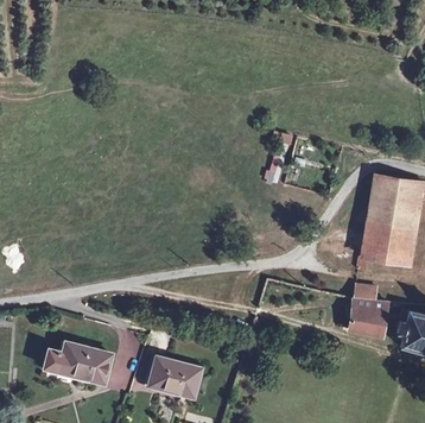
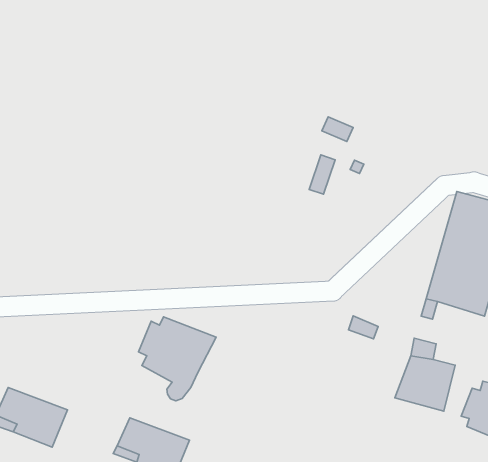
building: none -> [139,317,216,401]

